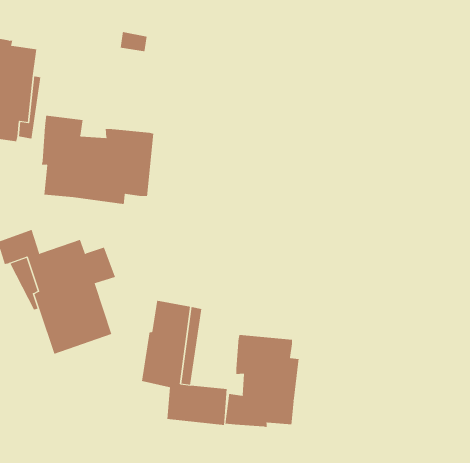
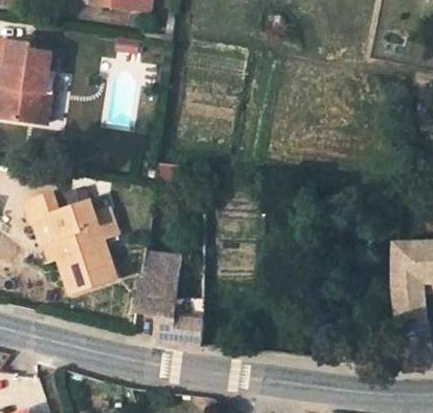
building: [41,115,154,205] -> none
building: [225,334,299,428] -> none

